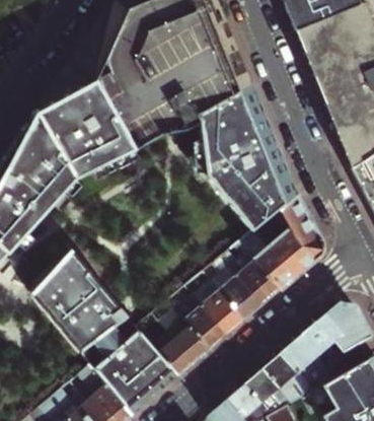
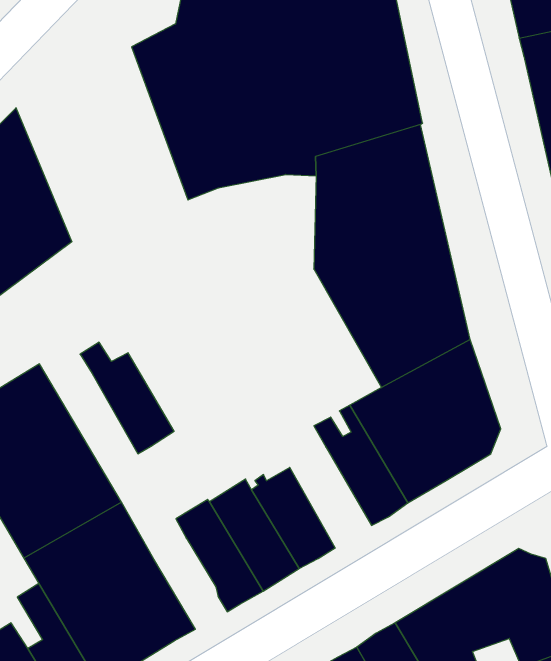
building: [36,72,136,181] -> none
building: [206,264,263,320] -> [80,342,174,454]
building: [150,328,194,376] -> none

